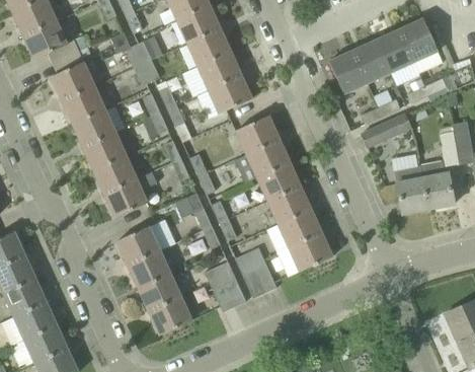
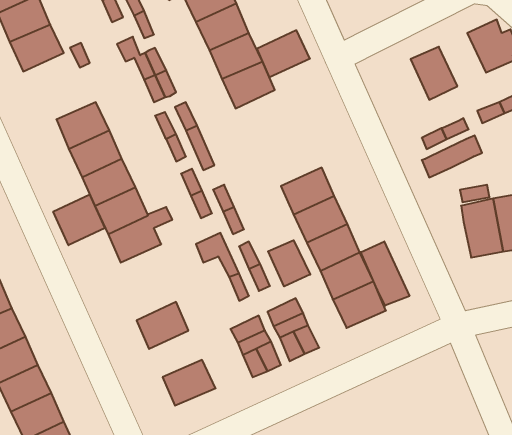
building: [376,28,414,72] -> none
building: [329,50,368,93] -> none
building: [51,62,94,99] -> none
building: [209,75,252,114] -> [257,30,310,77]
building: [235,116,280,154] -> none
building: none -> [53,195,105,245]
building: none -> [268,240,310,286]
building: none -> [361,241,409,306]
building: [116,226,160,265] -> none
building: [138,273,181,311] -> none

